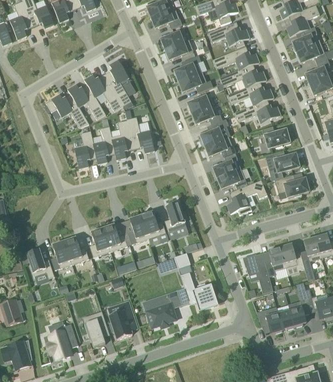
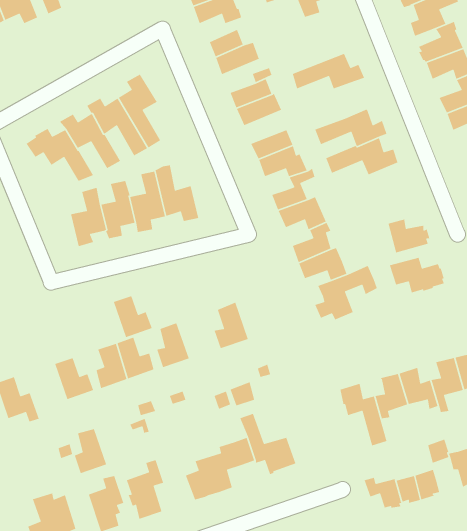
building: [207,21,249,47] -> none
building: [220,64,266,87] -> none
building: [262,126,290,148] -> none
building: [141,211,166,238] -> [113,295,153,338]
building: [51,241,72,270] -> [74,428,107,474]

